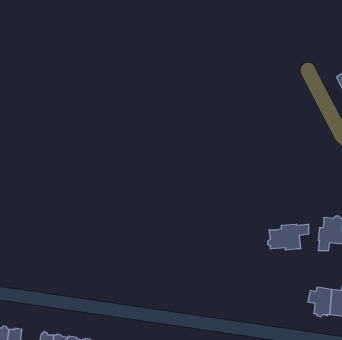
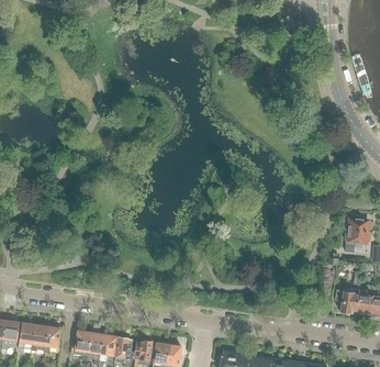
building: [268,224,308,250] -> none

